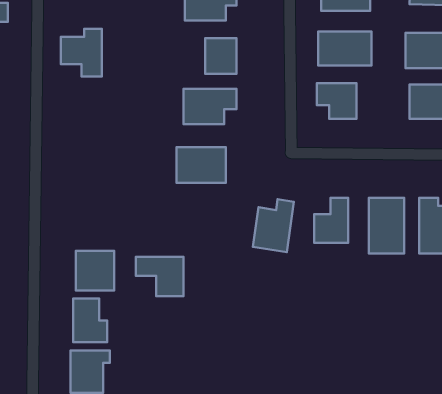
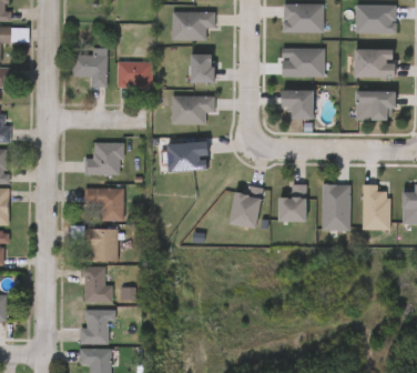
building: none -> [115,60,150,85]
building: none -> [84,141,122,174]
building: [136,257,184,296] -> [83,188,122,220]

